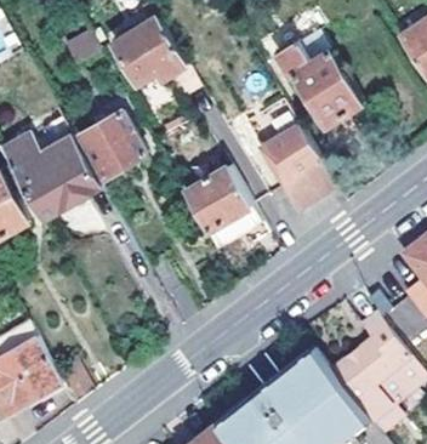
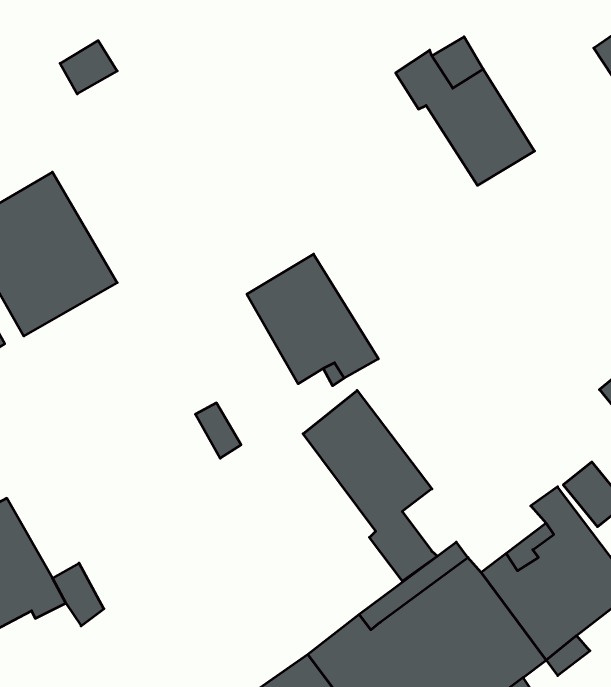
building: [110,17,183,82] -> none
building: [78,114,142,180] -> none
building: [254,124,335,210] -> none
building: none -> [303,390,437,581]

